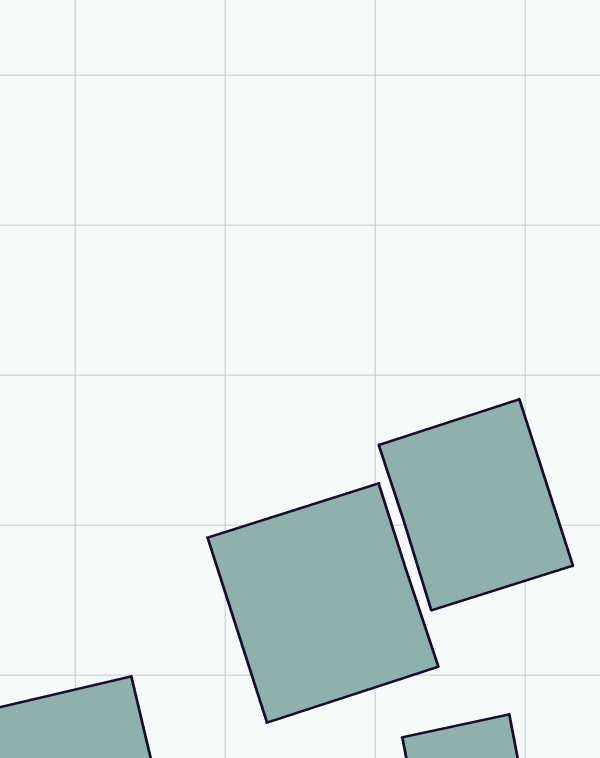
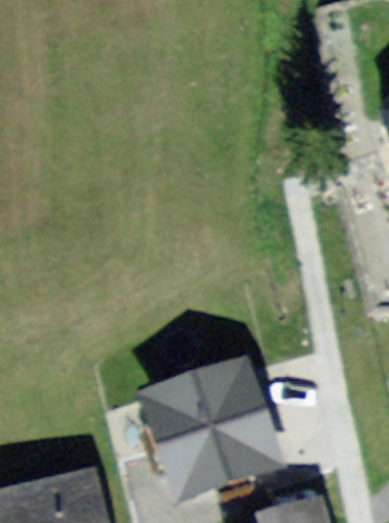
building: [379,399,573,610] -> none

